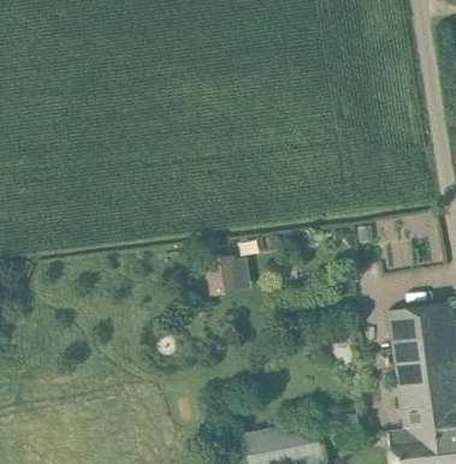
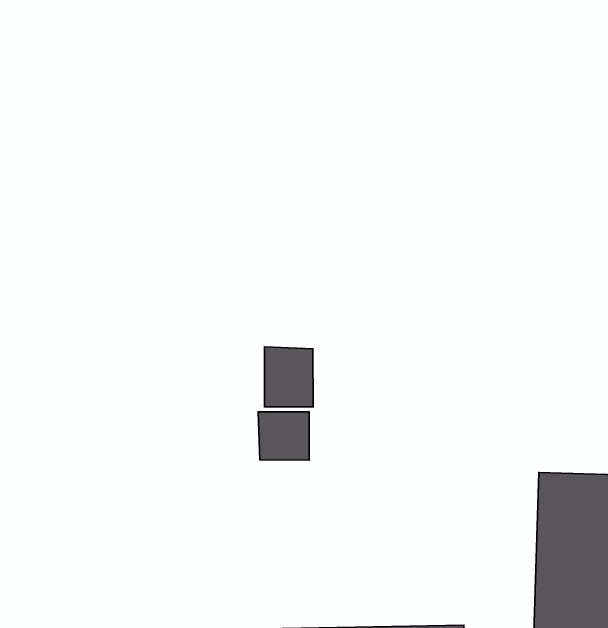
building: none -> [258,412,309,460]

